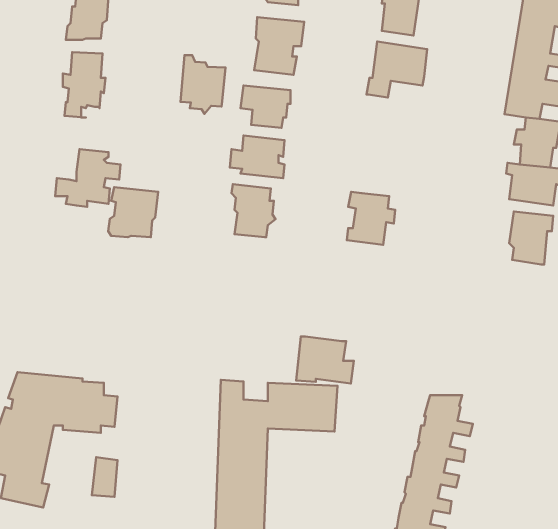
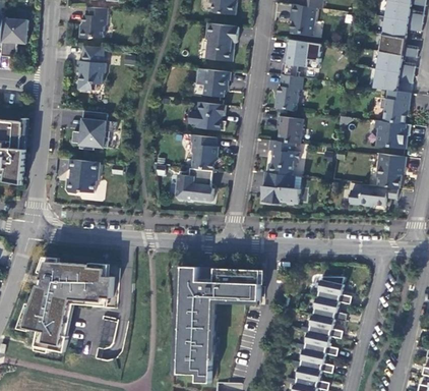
building: [180,55,226,114] -> none
building: none -> [272,74,302,110]
building: none -> [275,116,302,144]
building: [108,187,158,237] -> [65,159,99,192]
building: none -> [175,168,212,201]
building: none -> [348,183,396,206]
building: [296,336,354,384] -> [260,172,299,204]

